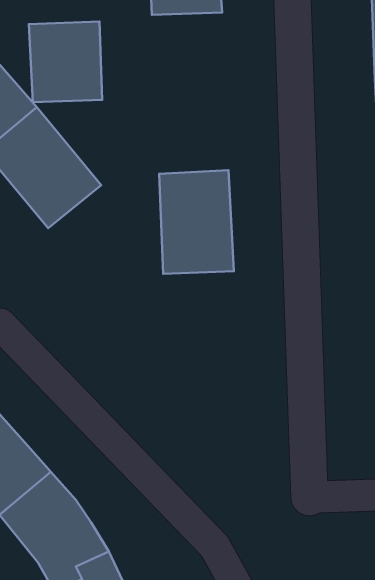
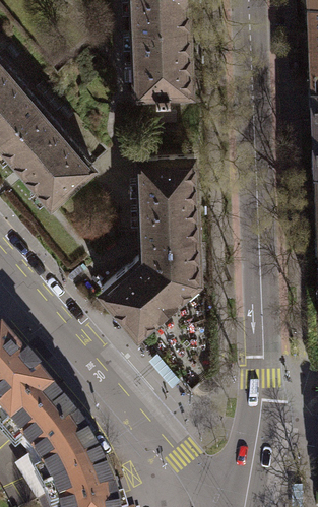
building: [29,22,102,102] -> [132,25,191,90]
building: none -> [98,234,199,327]

